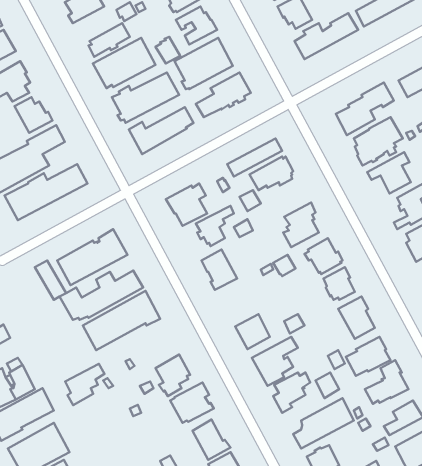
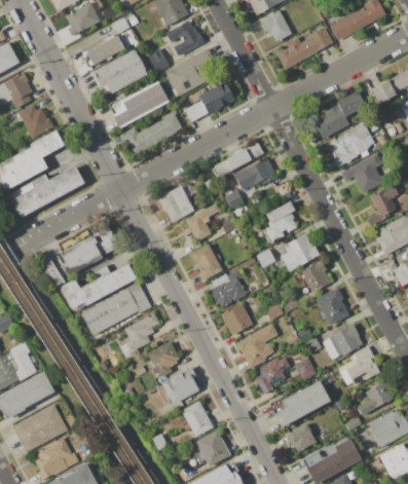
building: none -> [209,268,247,307]
building: [65,364,104,405] -> [124,312,160,350]

